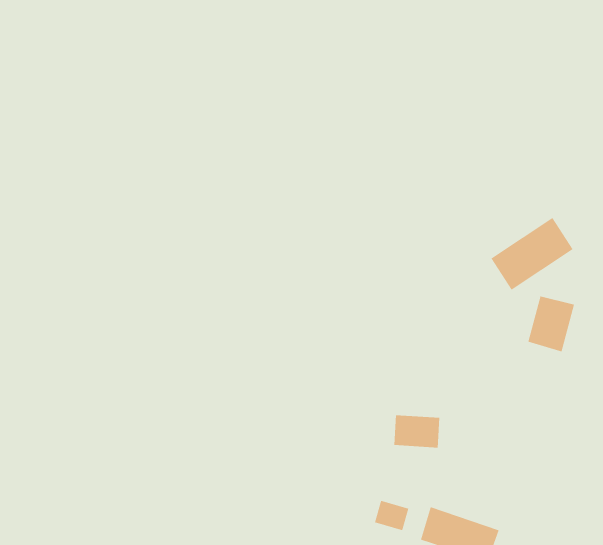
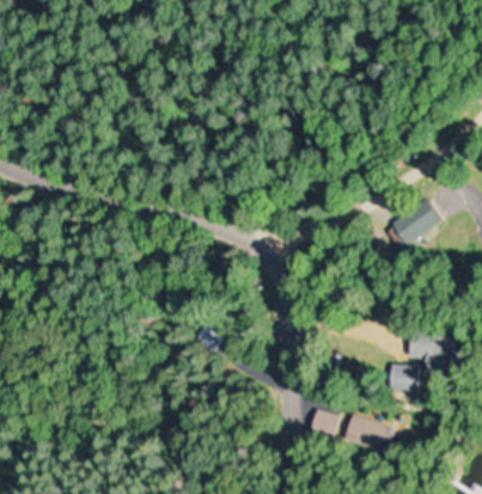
building: [527,296,575,352] -> [411,321,445,361]
building: [393,415,440,448] -> [391,364,425,386]

